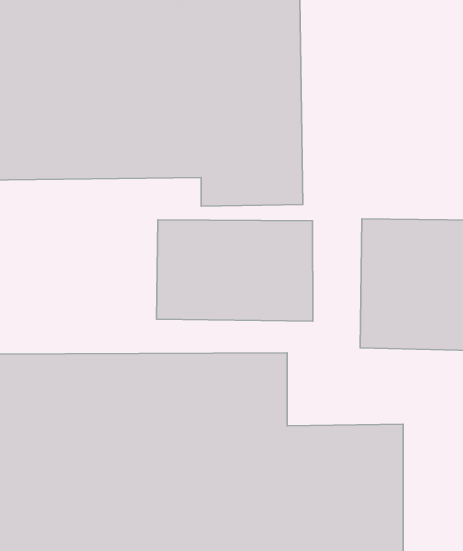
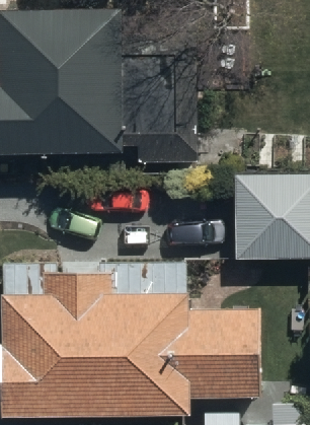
building: [156,220,313,321] -> none

